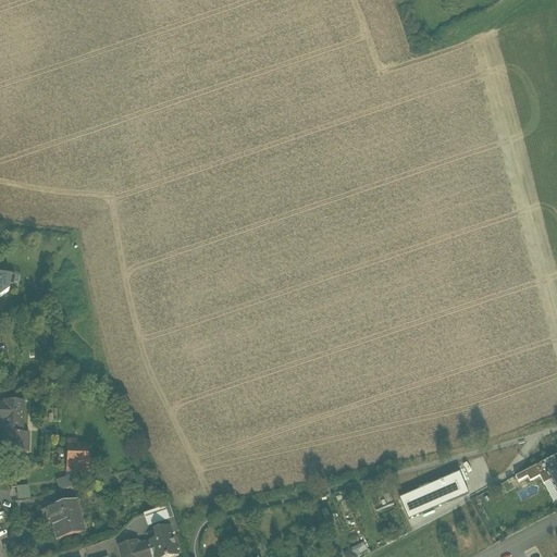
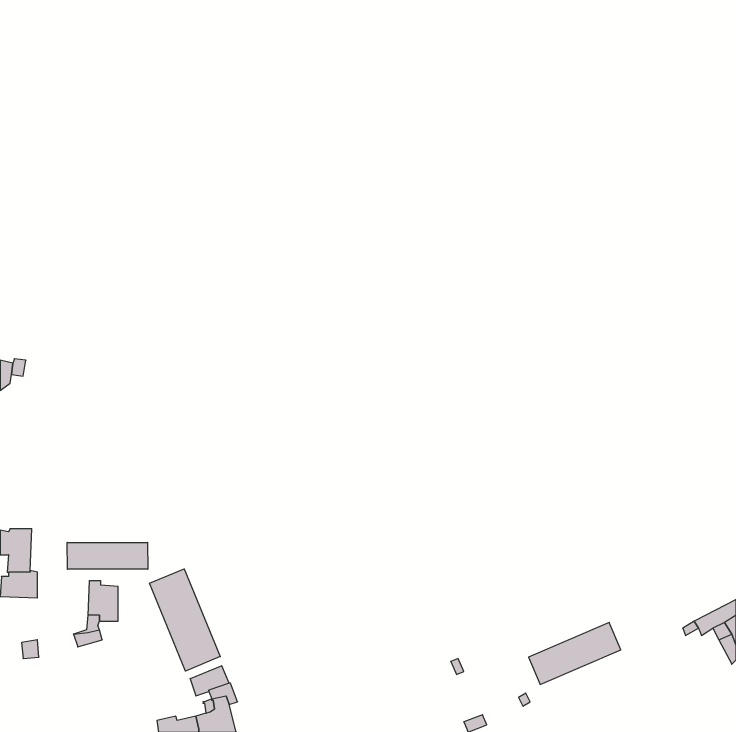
building: none -> [67,542,148,569]
building: none -> [149,569,220,671]
building: [39,497,84,537] -> none

